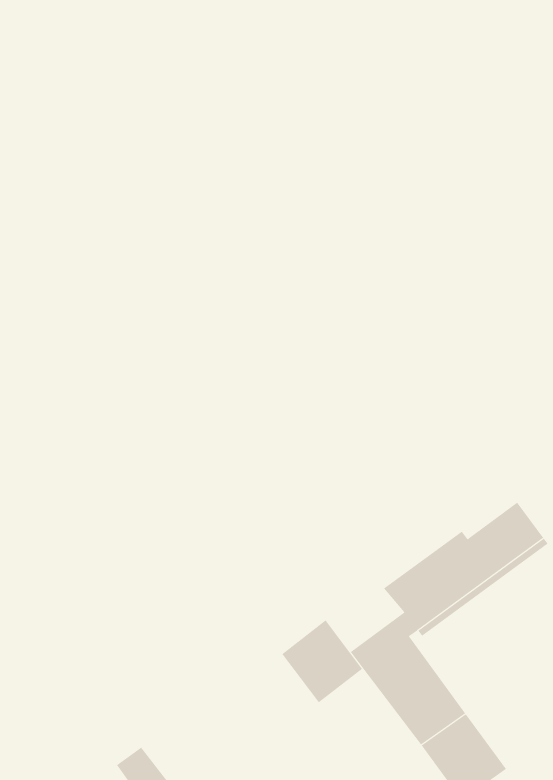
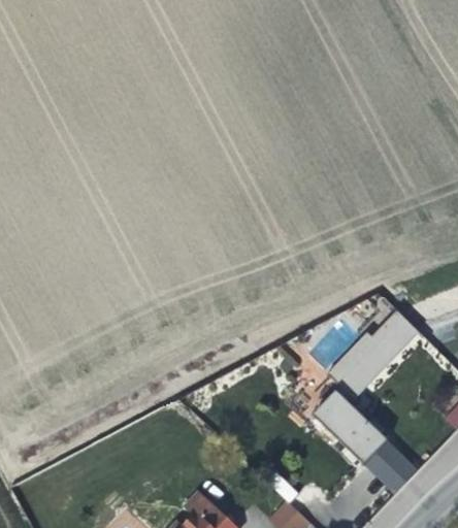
building: [282,620,363,703] -> none

